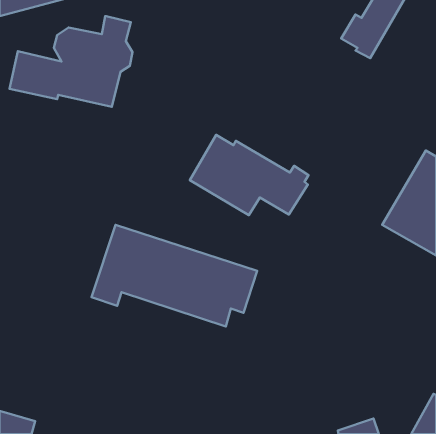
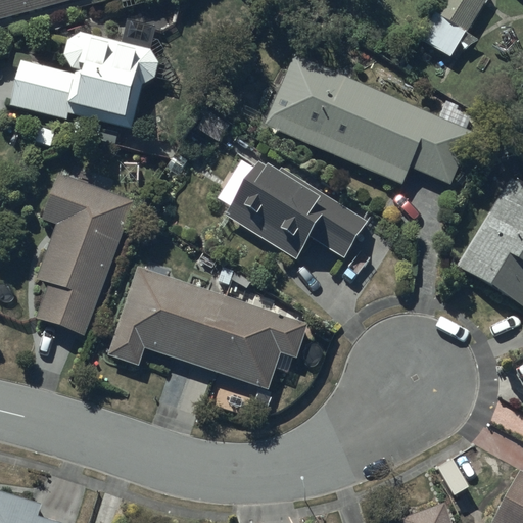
building: none -> [265,54,472,184]
building: none -> [36,167,136,334]

